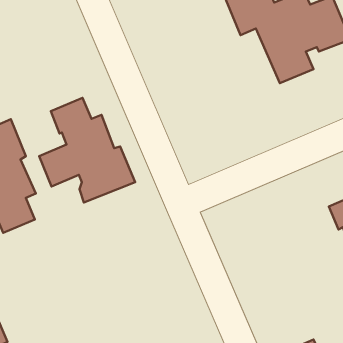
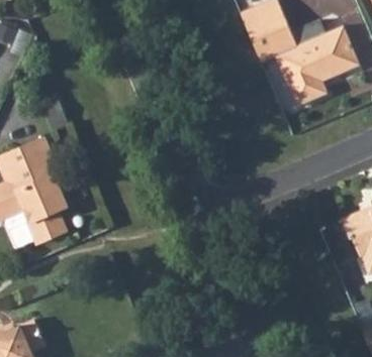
building: [39,98,135,202] -> none

